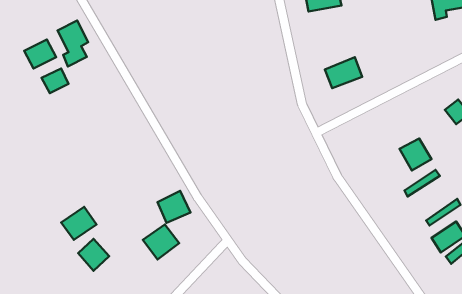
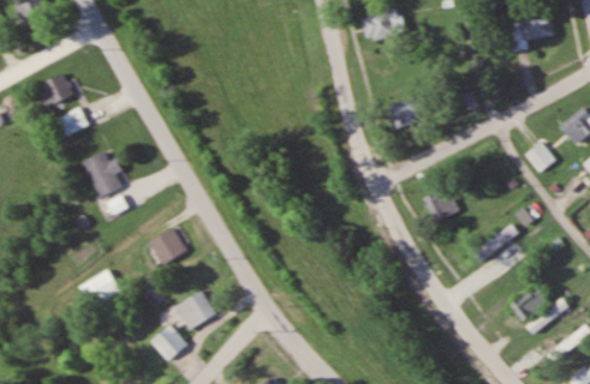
building: [58,21,88,66] -> none
building: none -> [83,150,121,197]
building: [400,138,432,170] -> [422,187,459,224]
building: [157,191,190,223] -> [148,228,186,265]
building: [78,239,109,271] -> [150,323,186,360]

